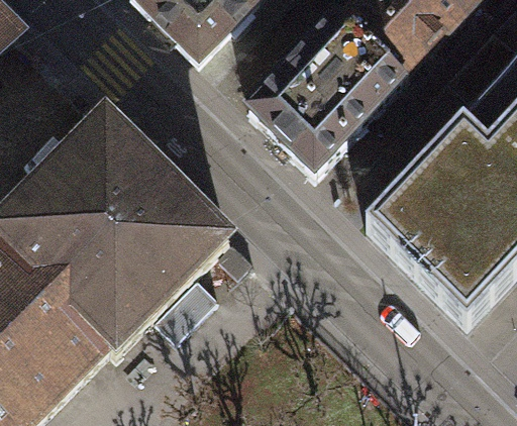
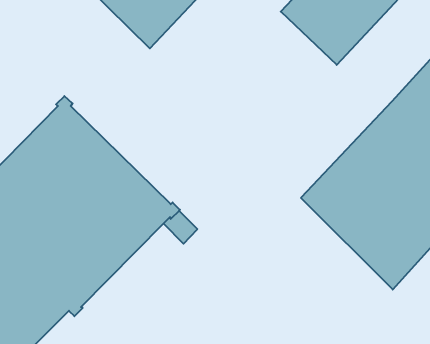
building: [249,10,406,171] -> none

